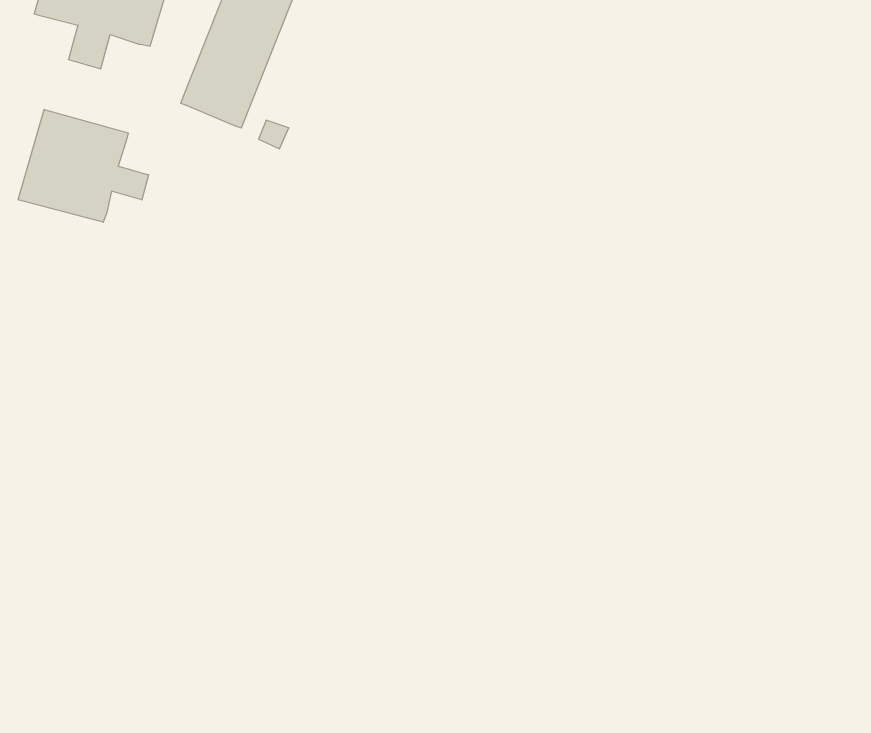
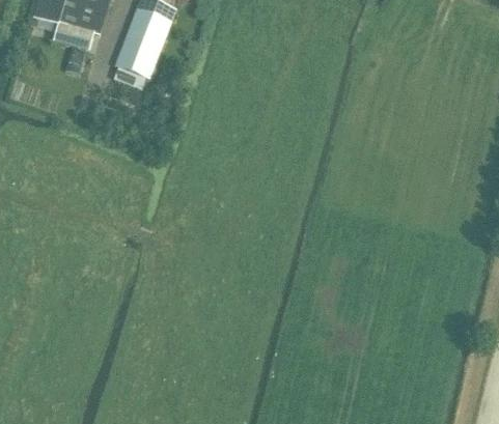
building: [18,109,148,222] -> none

